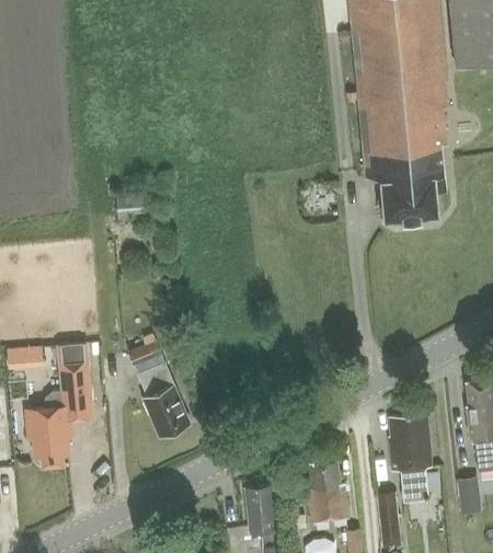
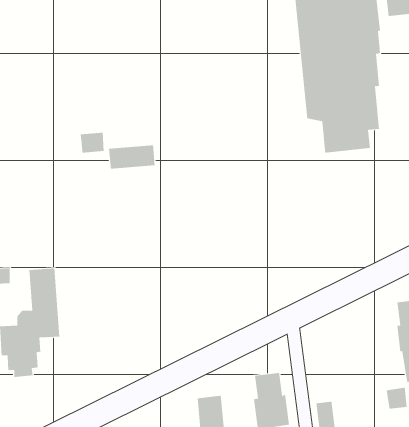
building: none -> [109,145,155,169]
building: [127,343,188,438] -> none
building: [389,417,433,506] -> none

